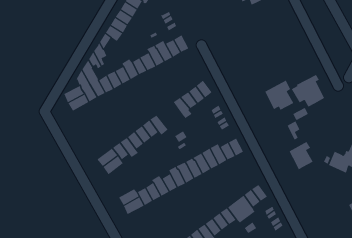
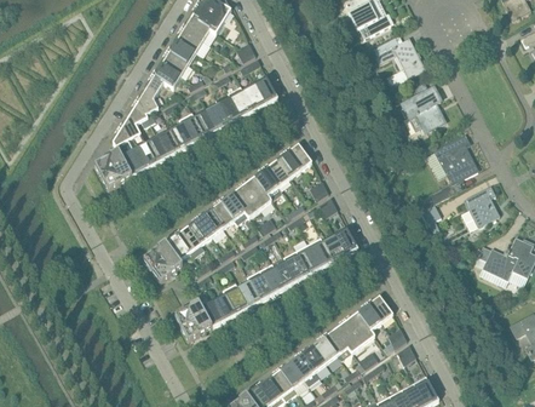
building: none -> [372,35,424,86]
building: [265,80,294,111] -> [402,86,445,131]
building: none -> [231,176,272,217]
building: [289,141,314,170] -> [464,184,500,227]

